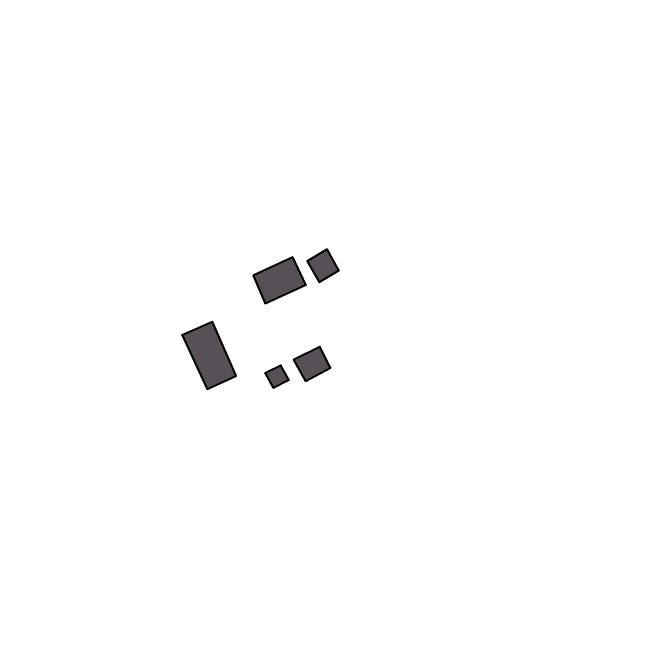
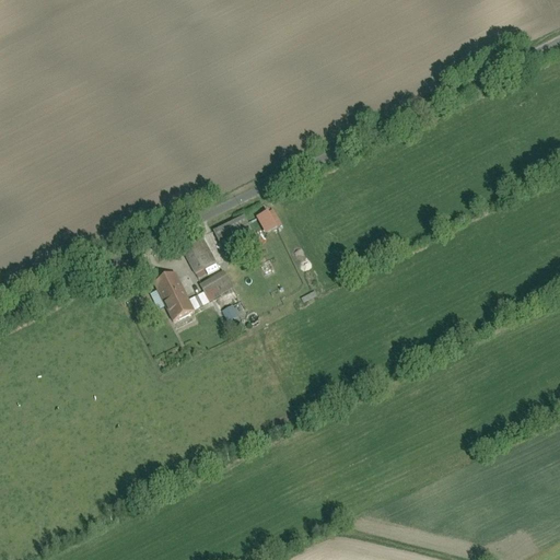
building: none -> [185,245,217,278]
building: [294,347,331,381] -> [200,270,231,299]

